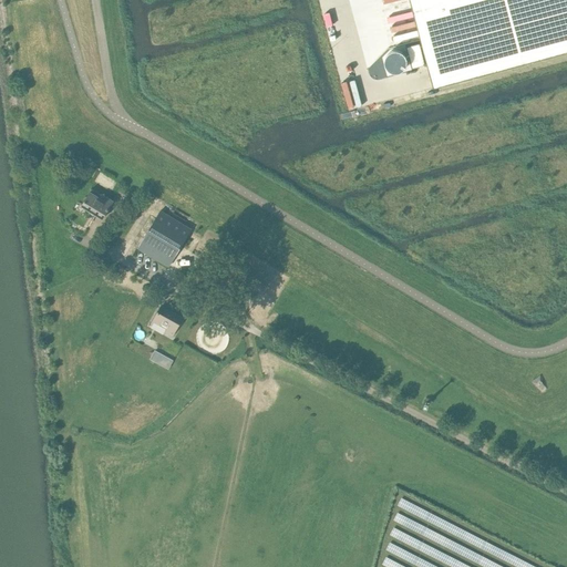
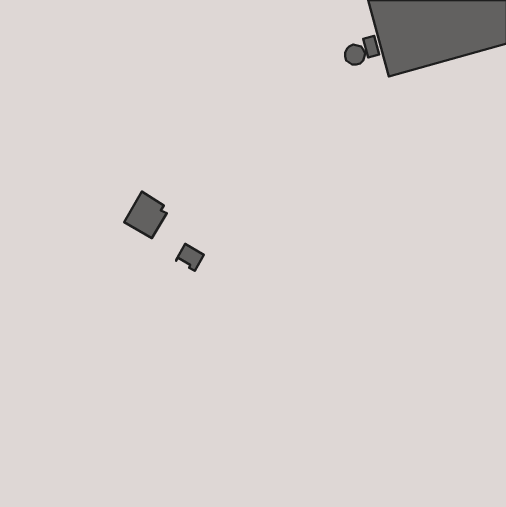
building: [83,188,114,218] -> none
building: [153,306,184,336] -> [176,244,204,271]

